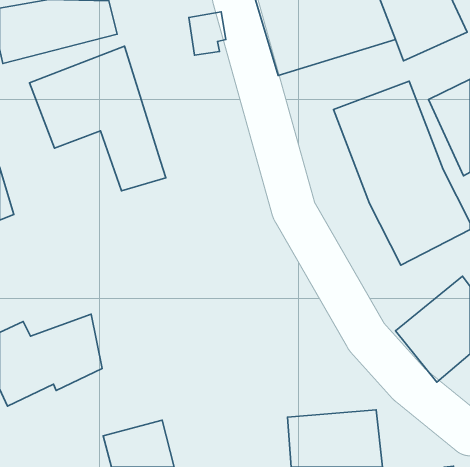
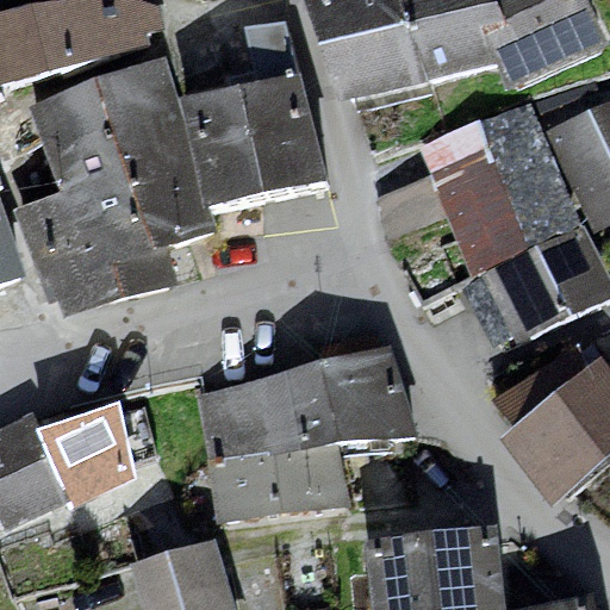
building: none -> [181,70,326,208]
building: none -> [26,169,168,312]
building: none -> [201,356,406,512]

